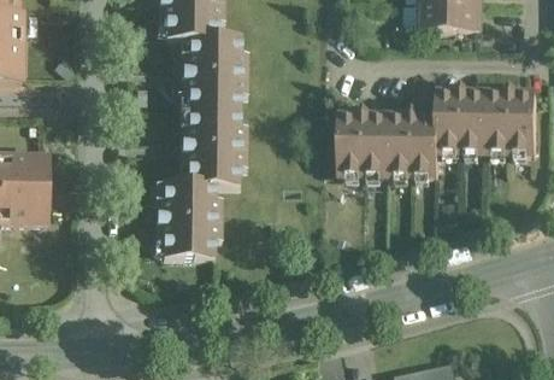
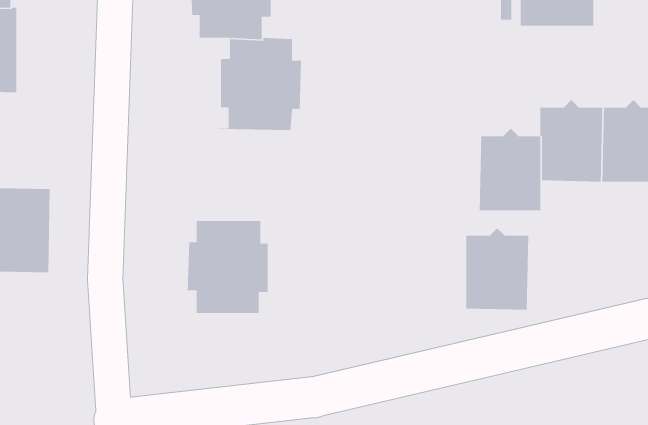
building: [337,110,388,176] -> [466,227,529,311]
building: [178,111,244,186] -> none

